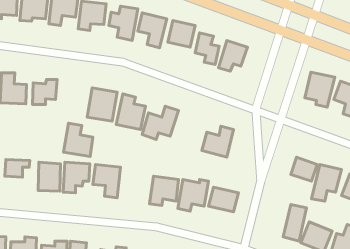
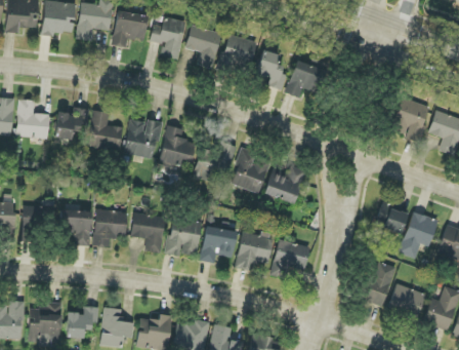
building: none -> [232,149,272,193]
building: [64,123,93,156] -> [87,110,123,151]
building: none -> [167,219,201,255]

